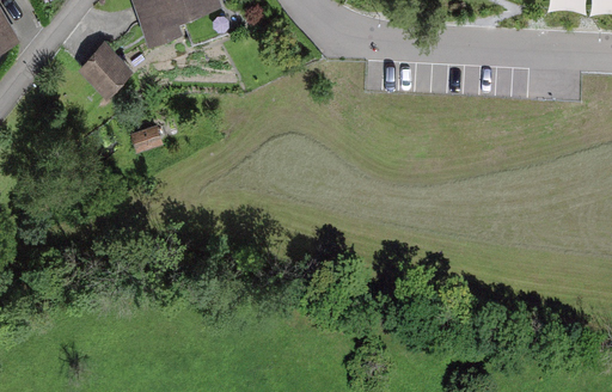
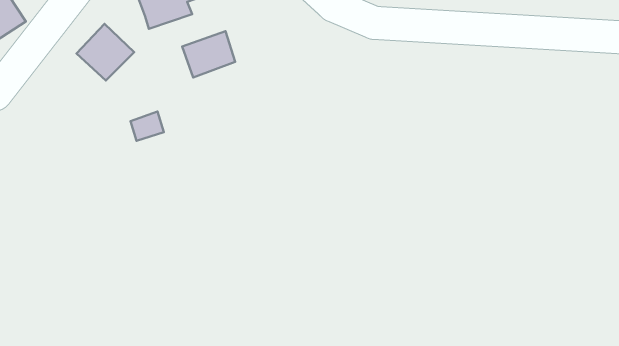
building: none -> [182,31,235,78]

